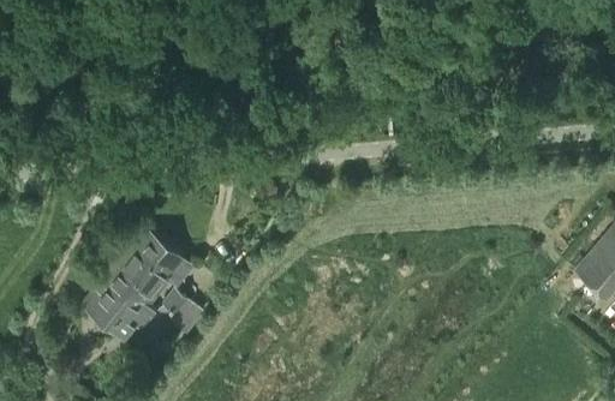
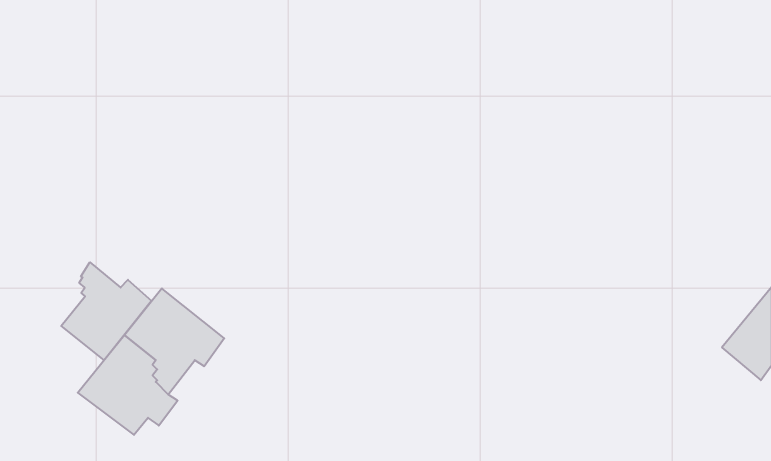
building: none -> [61,262,152,360]
building: [156,289,204,336] -> none

